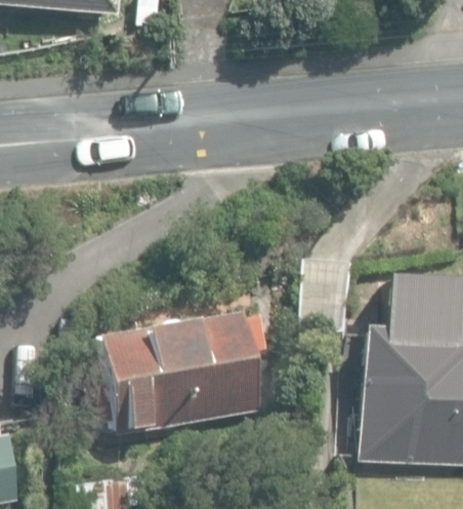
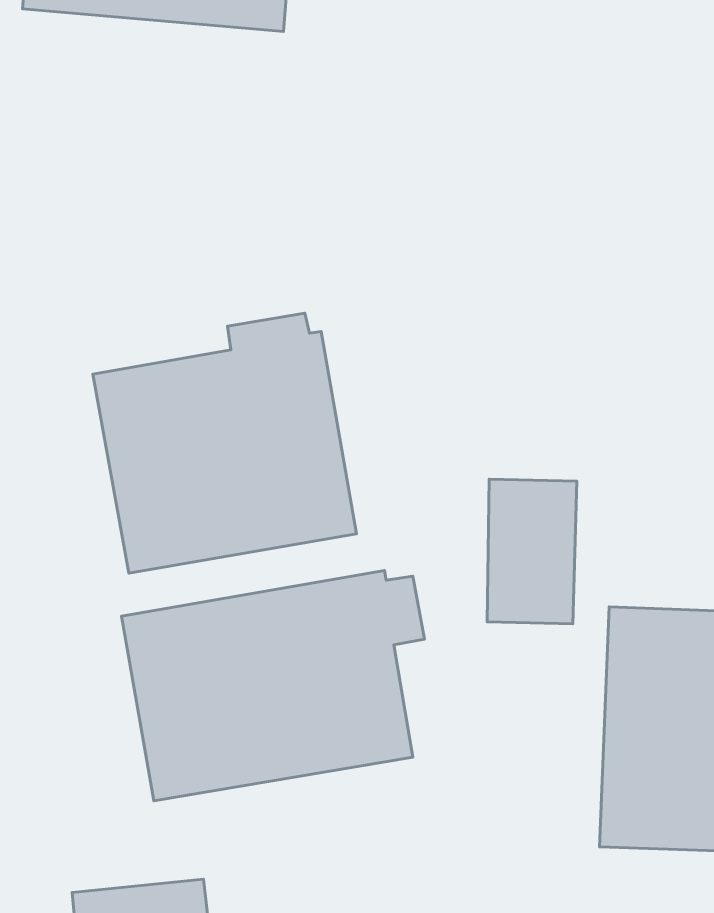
building: none -> [93,313,356,573]

